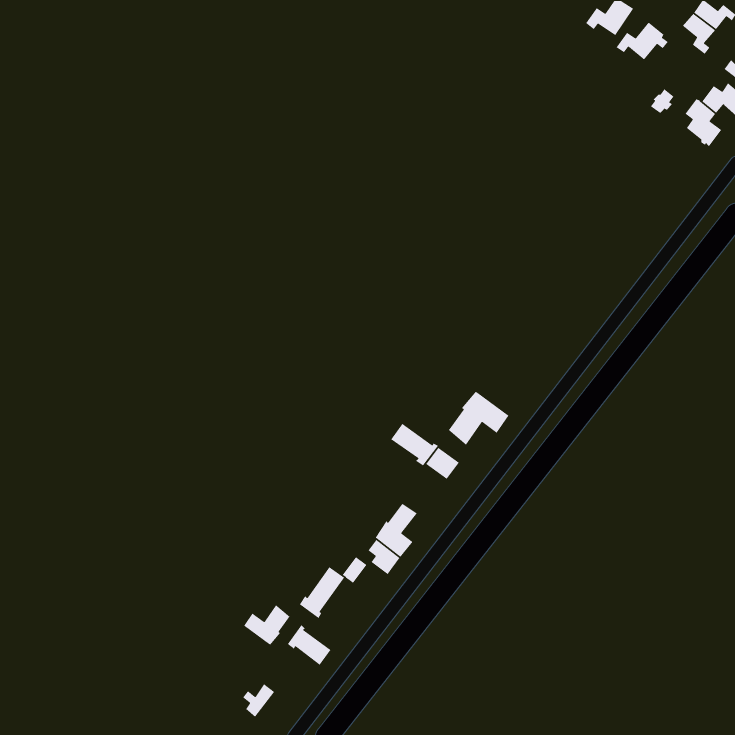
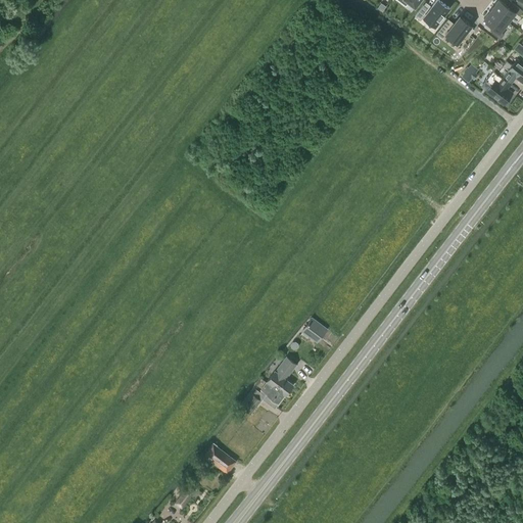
building: [448,391,509,446] -> none
building: [390,423,439,467] -> none
building: [299,566,345,619] -> none
building: [243,604,290,646] -> none

